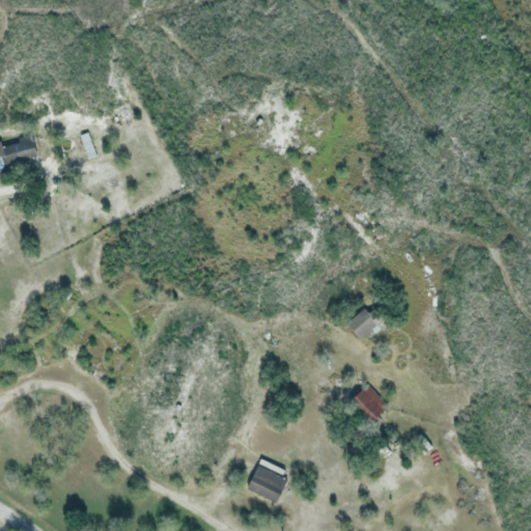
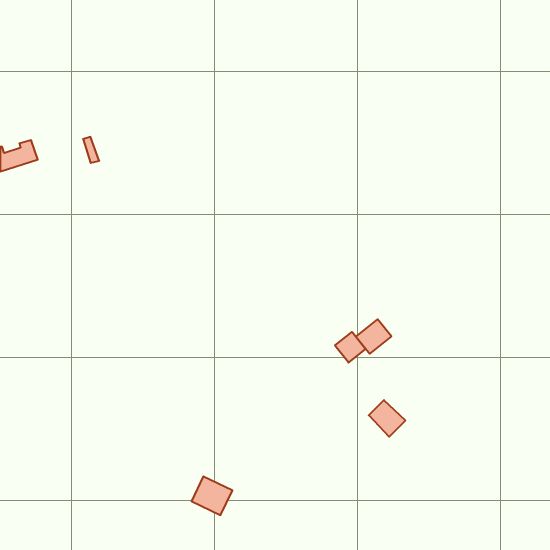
building: none -> [335,332,365,363]
building: [247,464,286,501] -> [191,476,232,515]

